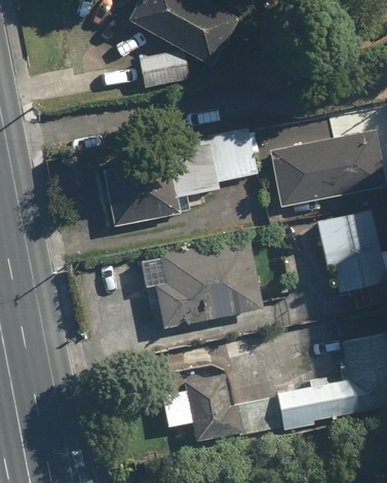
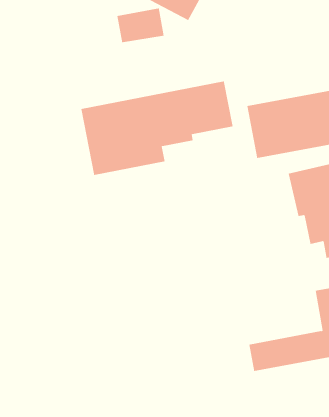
building: [140,236,262,326] -> none
building: [161,376,247,441] -> none

